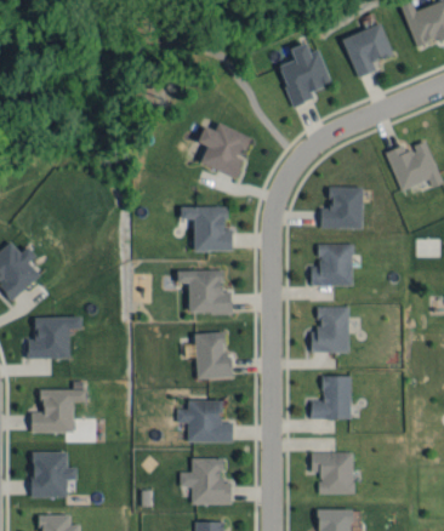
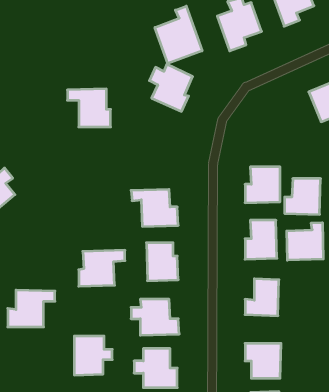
building: none -> [155,6,202,63]
building: [321,187,364,229] -> [285,179,321,214]
building: [182,206,233,251] -> [67,89,111,127]
building: none -> [287,223,323,260]
building: [28,316,82,359] -> [79,250,125,286]
building: [33,452,78,498] -> [74,336,112,375]

